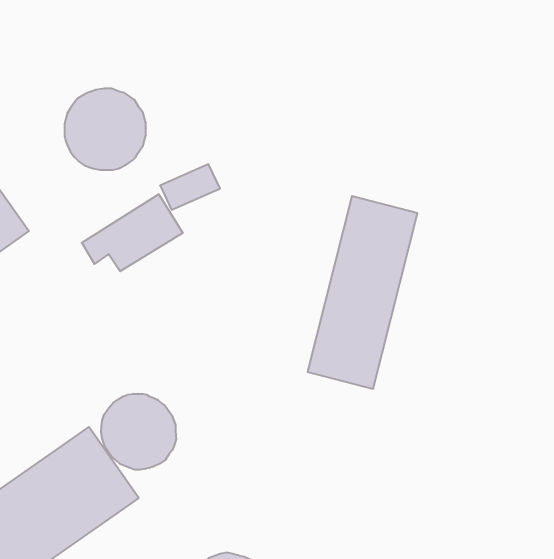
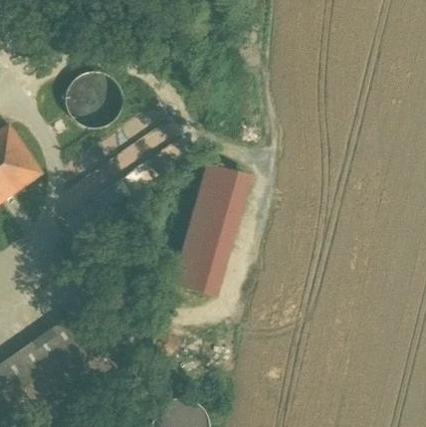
building: [308,196,417,389] -> [174,161,251,296]
building: [101,394,176,470] -> none

